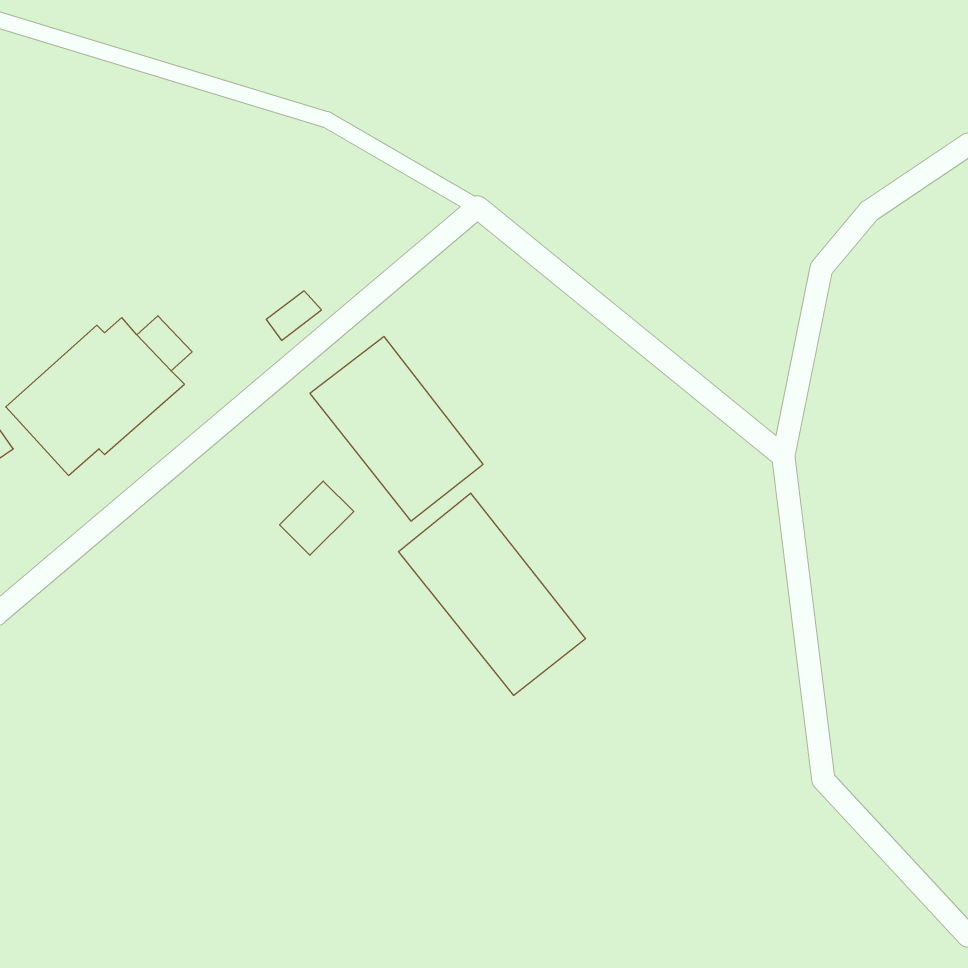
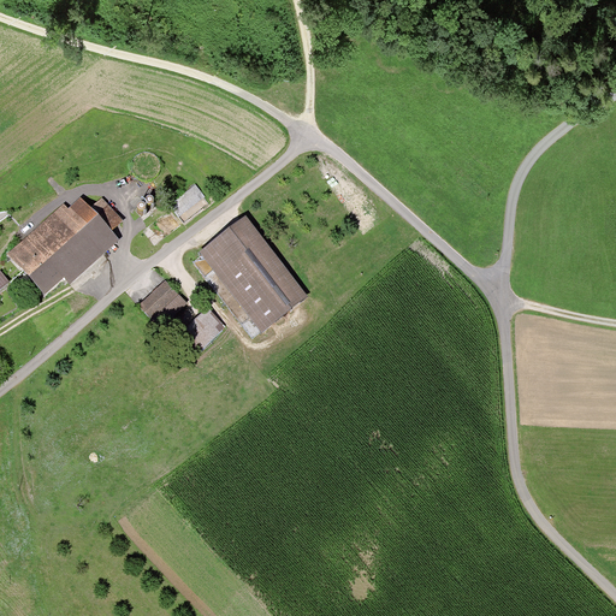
building: none -> [136,277,186,327]
building: [399,493,585,695] -> none

